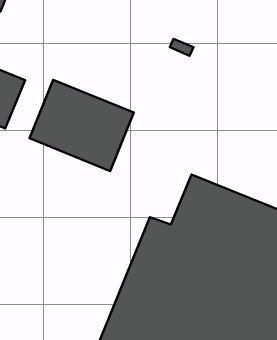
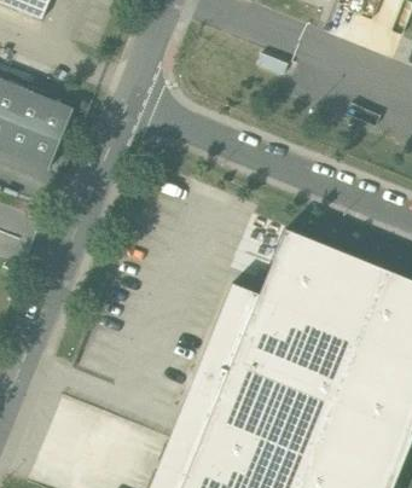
building: [29,80,134,171] -> none

